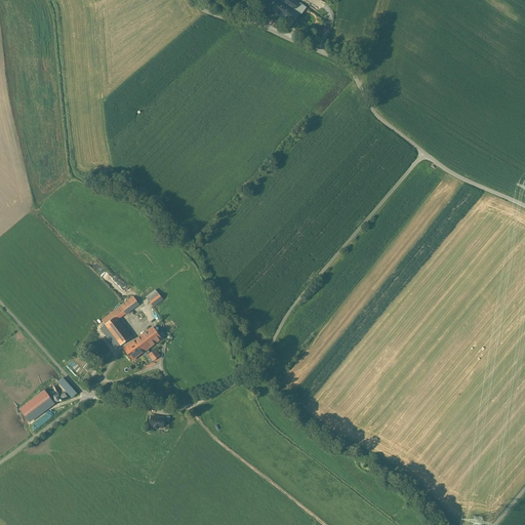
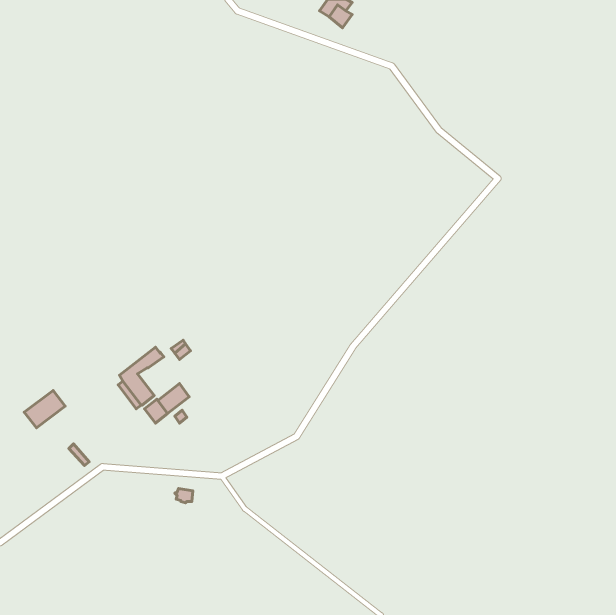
building: [19,390,54,421] -> [24,391,65,428]

